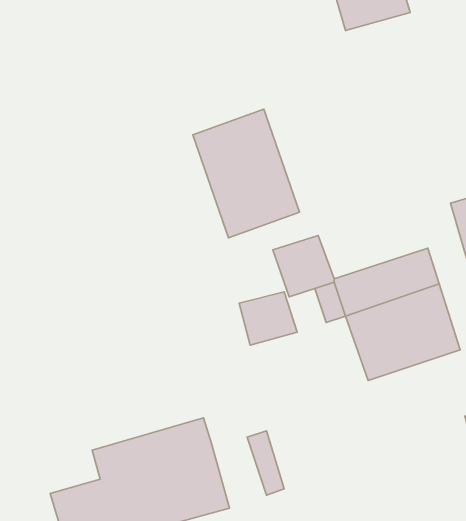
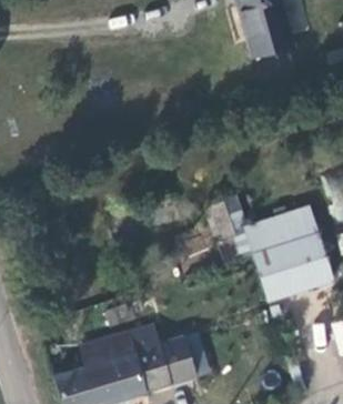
building: [193,109,299,238] -> none
building: none -> [161,334,199,385]

